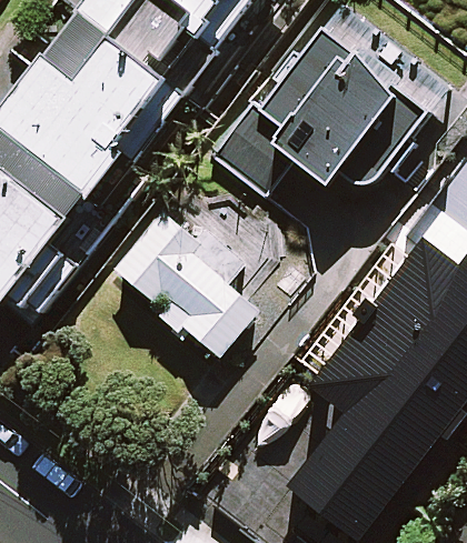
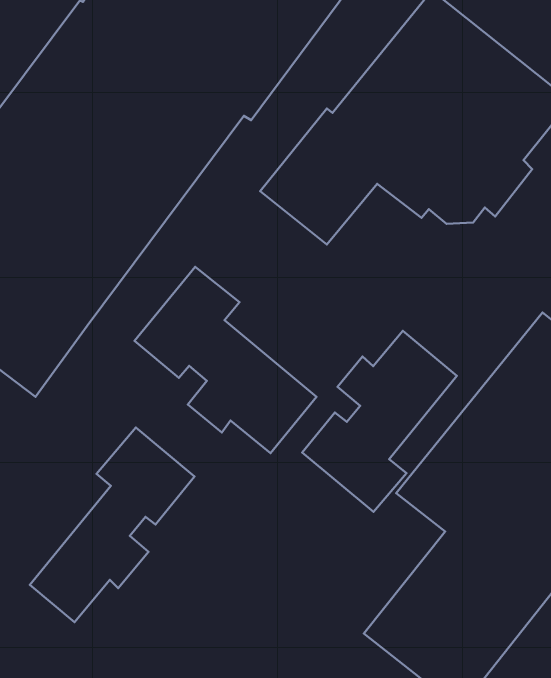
building: none -> [302,331,457,512]
building: none -> [30,428,195,622]

